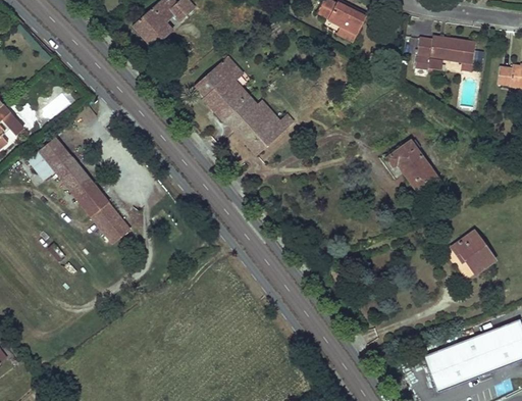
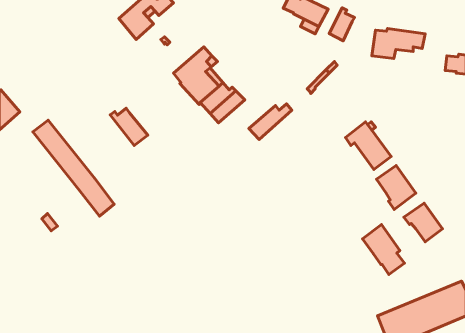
building: none -> [329,8,354,41]
building: [246,113,294,153] -> [249,104,292,139]
building: none -> [110,108,148,145]
building: none -> [376,166,416,209]
building: none -> [362,225,405,275]

